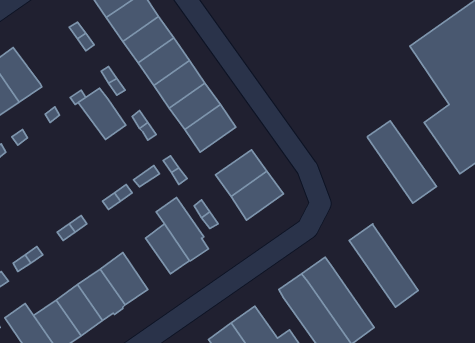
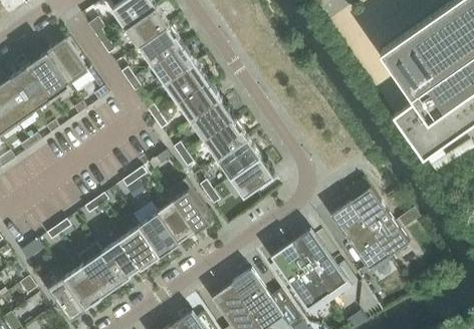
building: [78,88,126,139] -> [47,40,87,83]
building: [367,121,437,203] -> [350,188,409,257]
building: none -> [205,119,248,159]
building: none -> [140,213,180,256]

